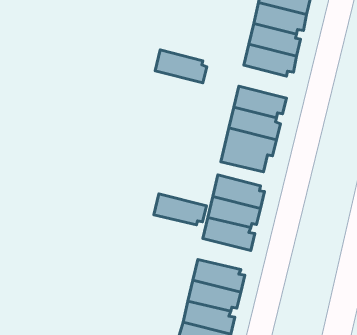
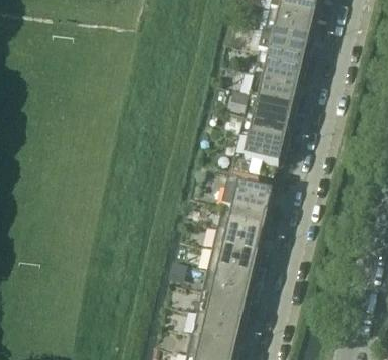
building: [155,50,207,83] -> [251,70,303,103]
building: [154,194,207,225] -> [209,245,263,276]

